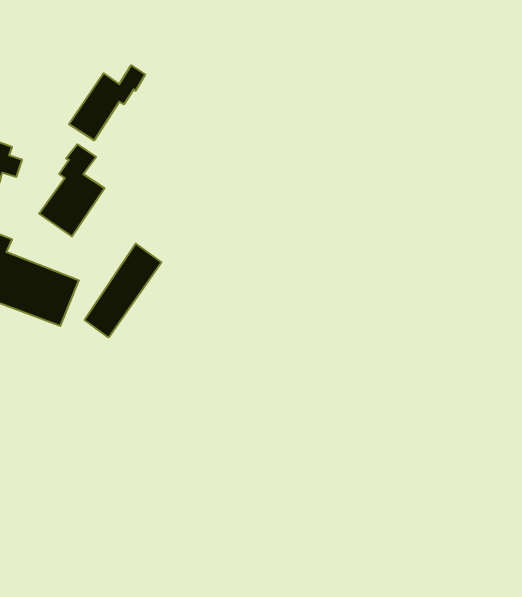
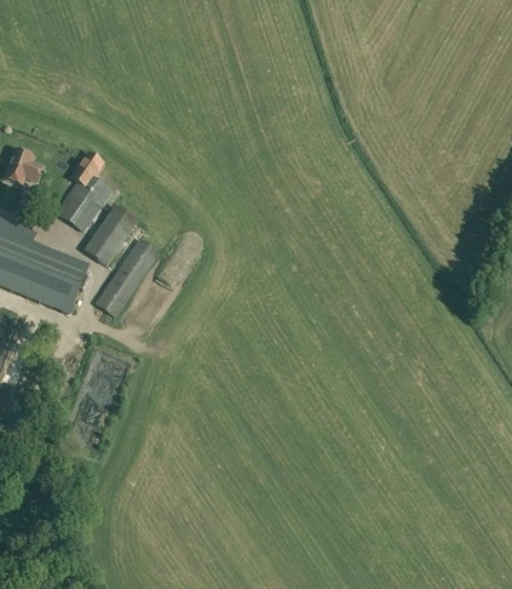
building: [69,65,145,140] -> none
building: none -> [84,206,138,265]

